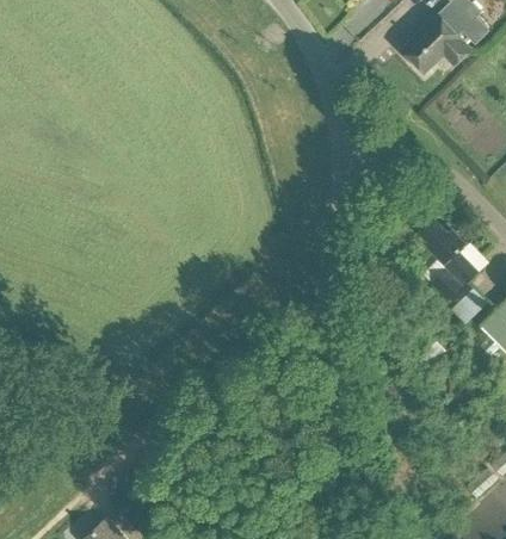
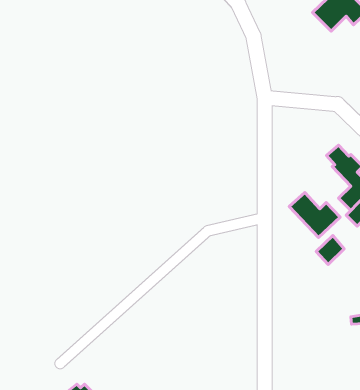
building: none -> [289,192,340,237]

